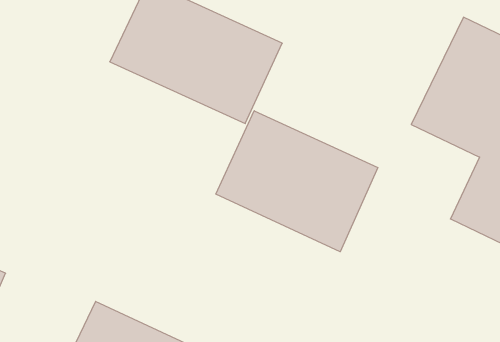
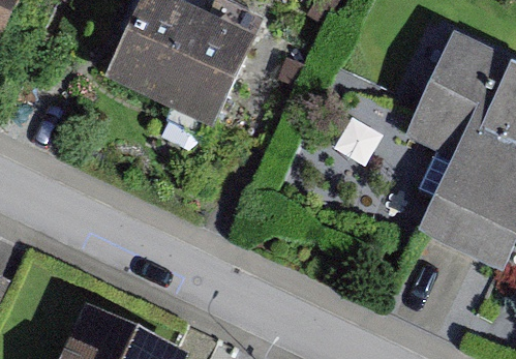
building: [216,111,378,252] -> none

